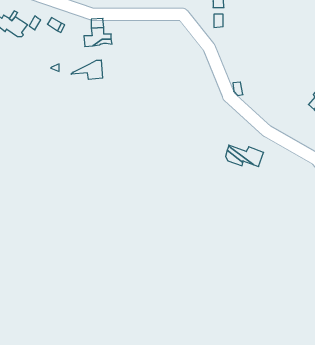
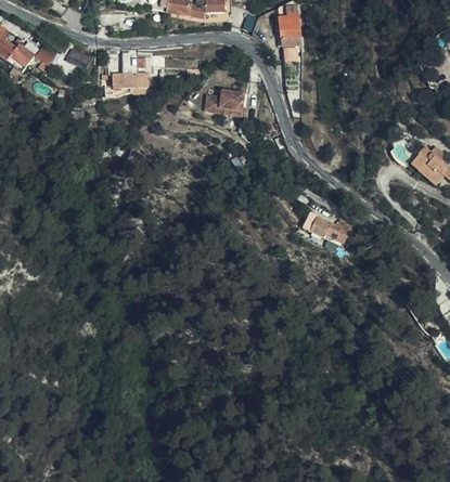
building: none -> [206,84,244,109]
building: [71,60,103,79] -> none

